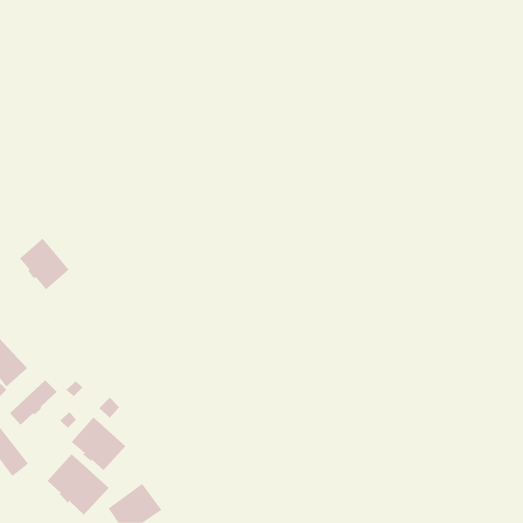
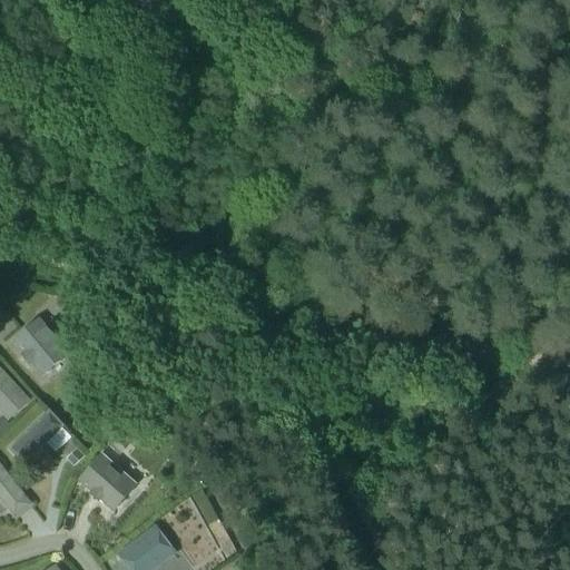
building: [19,238,69,290] -> [13,318,68,375]
building: [47,453,110,515] -> none

